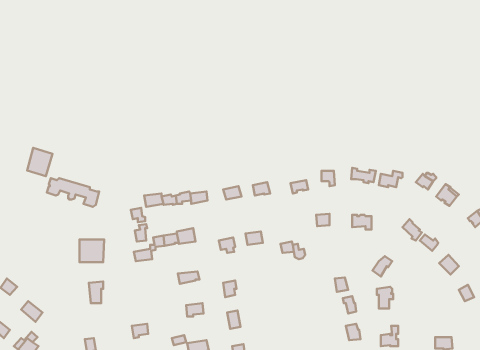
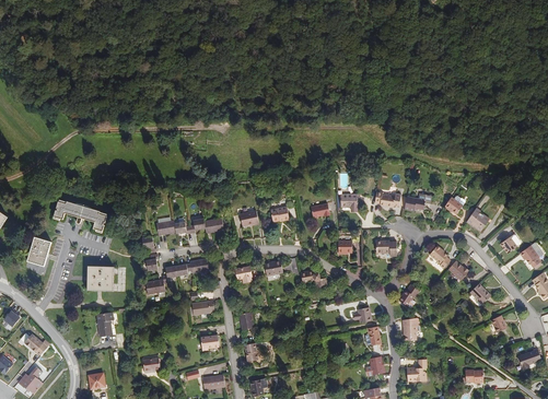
building: [27,148,53,176] -> none
building: none -> [26,235,51,265]

